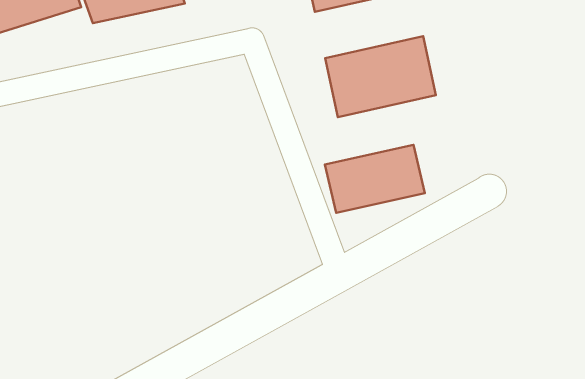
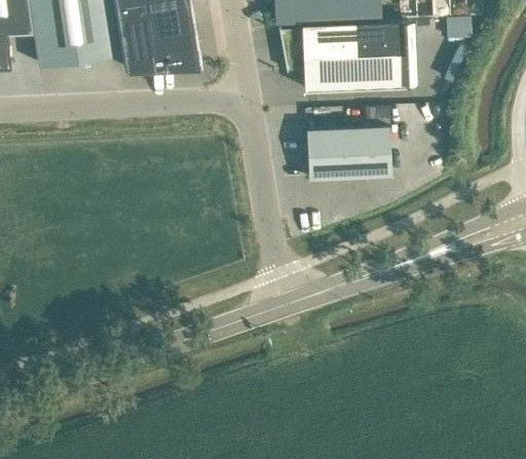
building: [325,145,425,213] -> none

